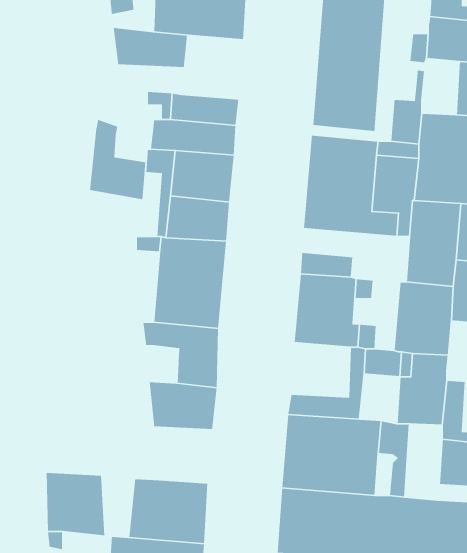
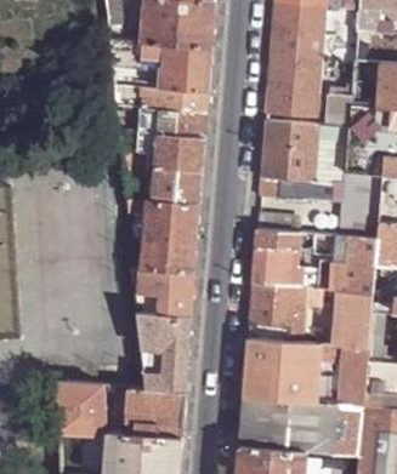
building: none -> [164,44,212,93]
building: [89,119,146,200] -> none
building: none -> [249,282,295,325]
building: none -> [338,345,367,405]
building: none -> [142,348,188,392]

